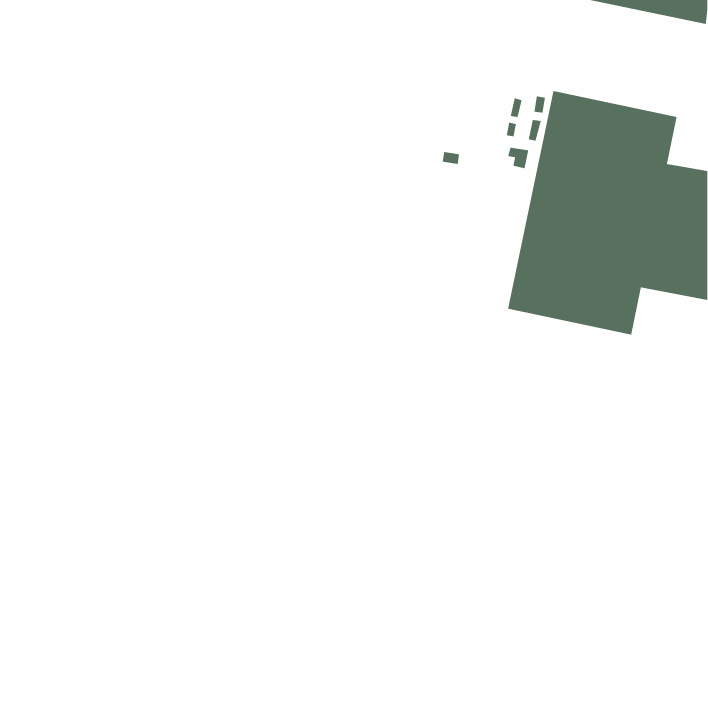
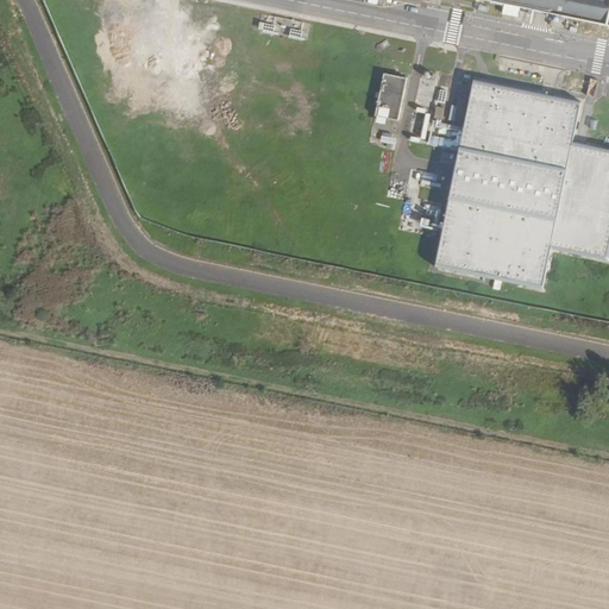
building: none -> [376,71,407,118]

